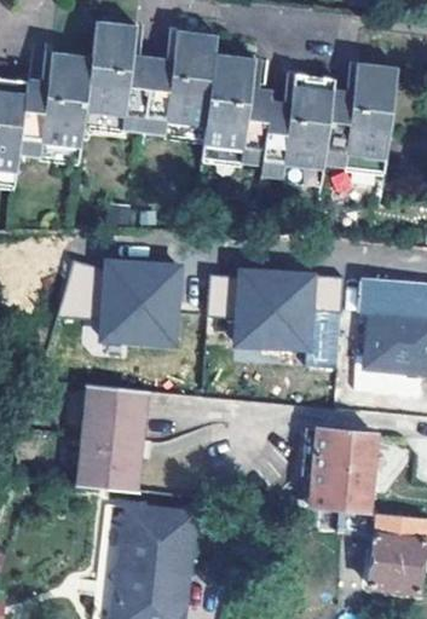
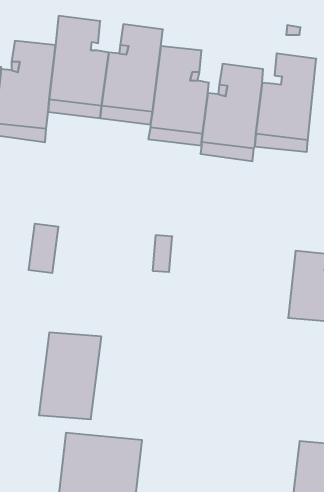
building: [100,259,180,345] -> none
building: [233,268,339,365] -> none
building: [308,427,375,510] -> none

